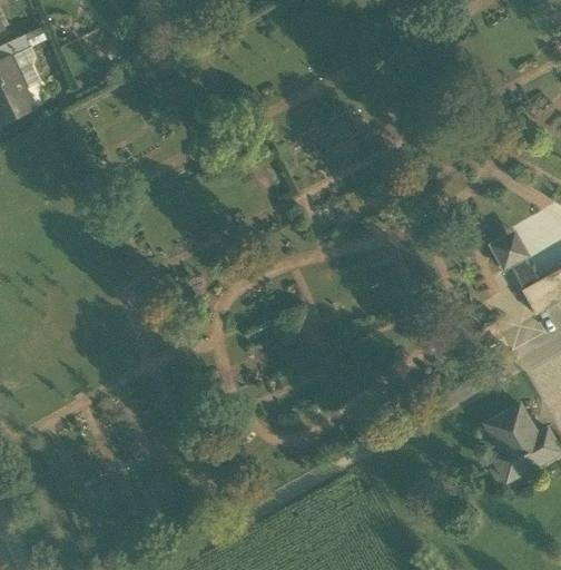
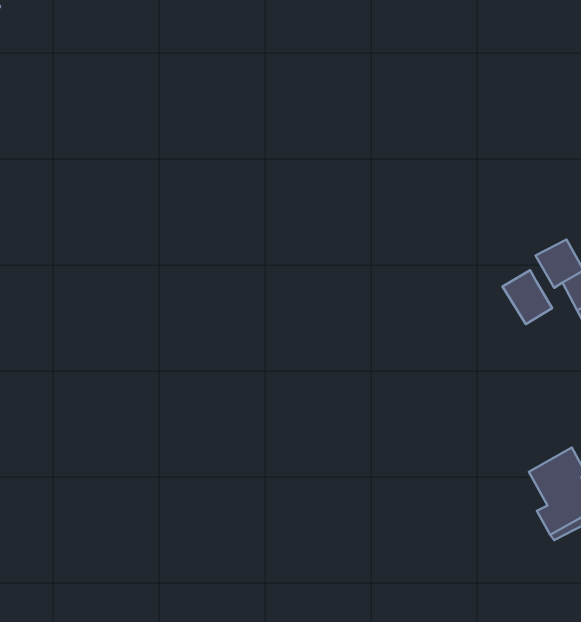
building: none -> [502,270,552,324]

